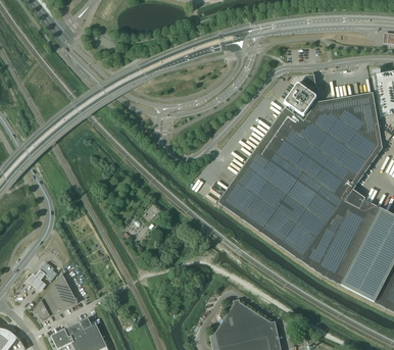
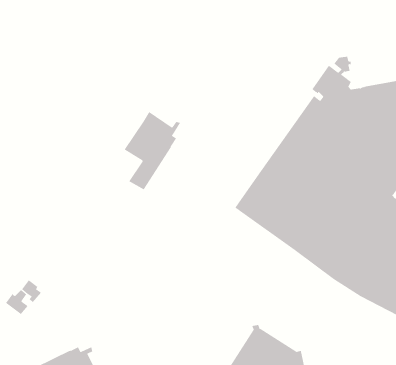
building: none -> [124,111,181,190]
building: [34,273,78,320] -> none

